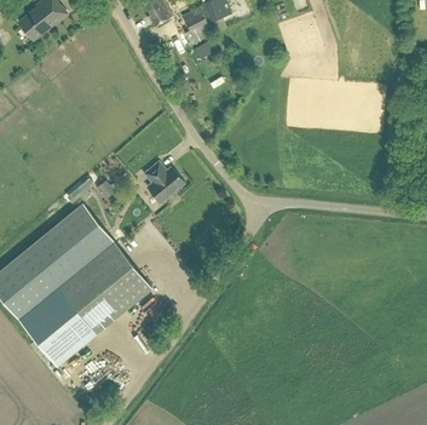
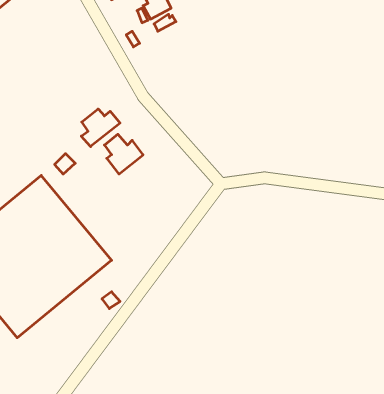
building: none -> [81,109,120,147]

